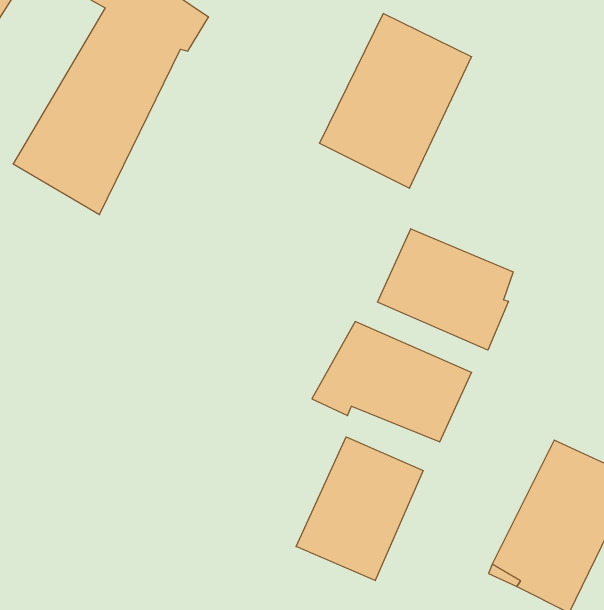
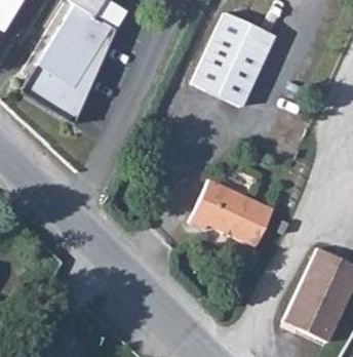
building: [378,229,513,350] -> none
building: [296,437,423,581] -> none

